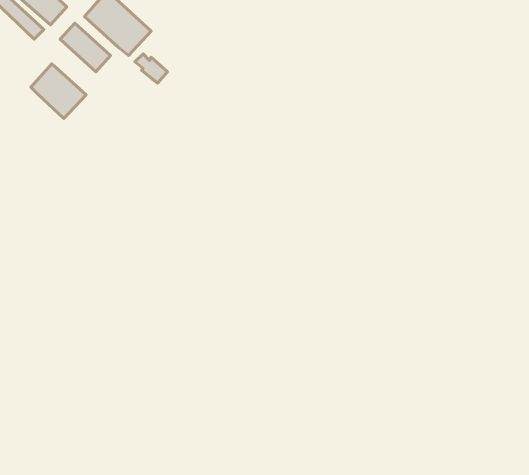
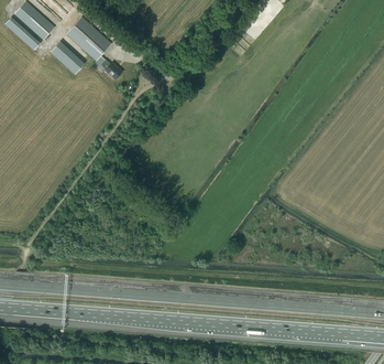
building: [31,64,86,118] -> none

